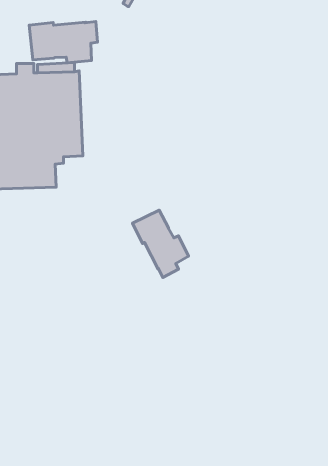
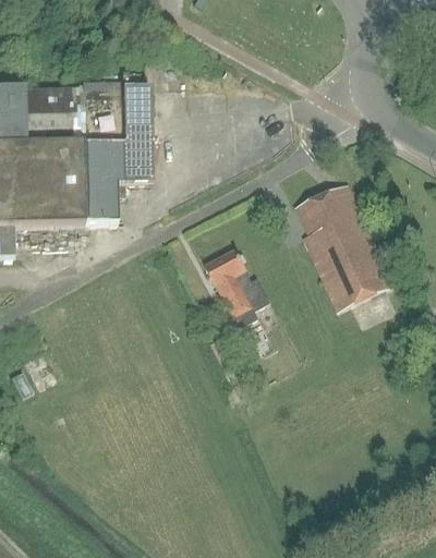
building: [29,22,97,63] -> none
building: none -> [296,182,393,311]

